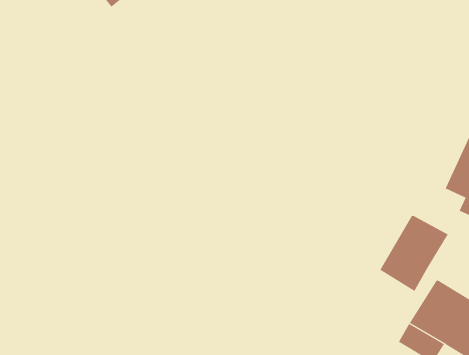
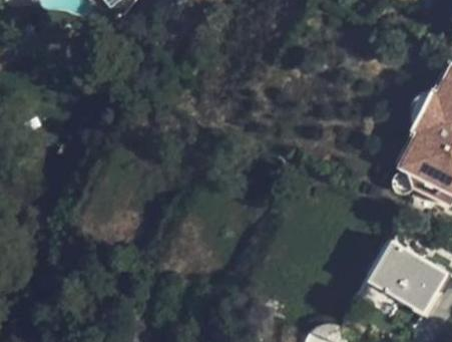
building: [380,215,449,292] -> none

